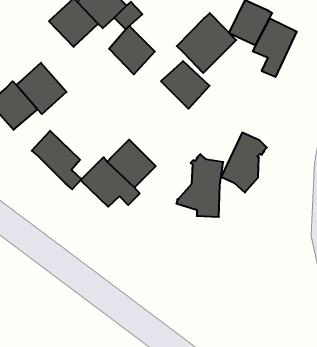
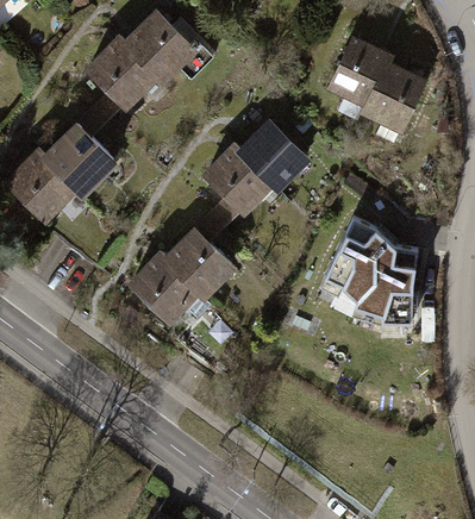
building: [177,13,236,73] -> none
building: [109,26,155,74] -> [207,146,269,212]
building: [32,131,82,189] -> none
building: [176,154,223,217] -> [350,240,413,325]

